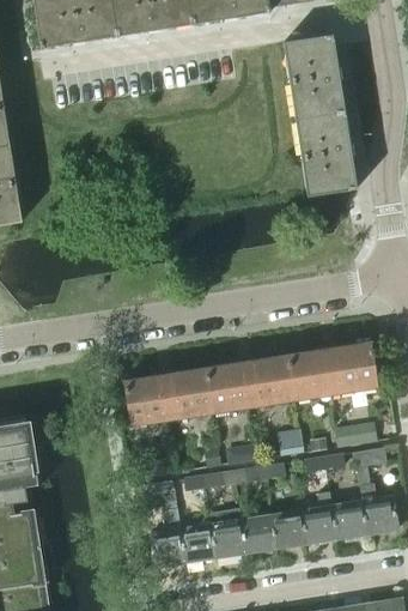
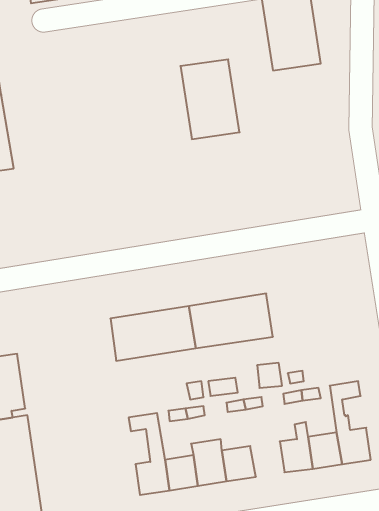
building: [296,113,358,196] -> [180,59,240,139]
building: [288,341,379,400] -> none
building: [335,421,379,446] -> none
building: [272,510,307,548] -> none

